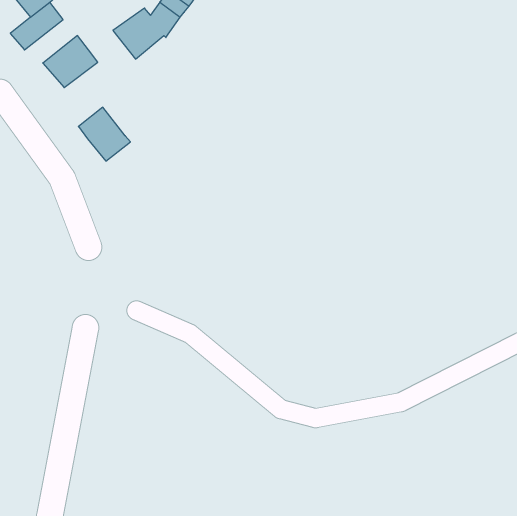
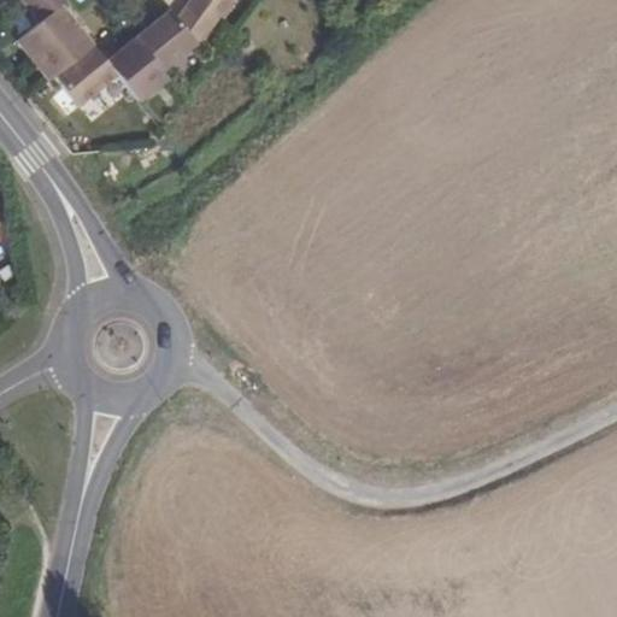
building: none -> [33,23,95,80]
building: [78,107,130,161] -> [108,36,170,100]

